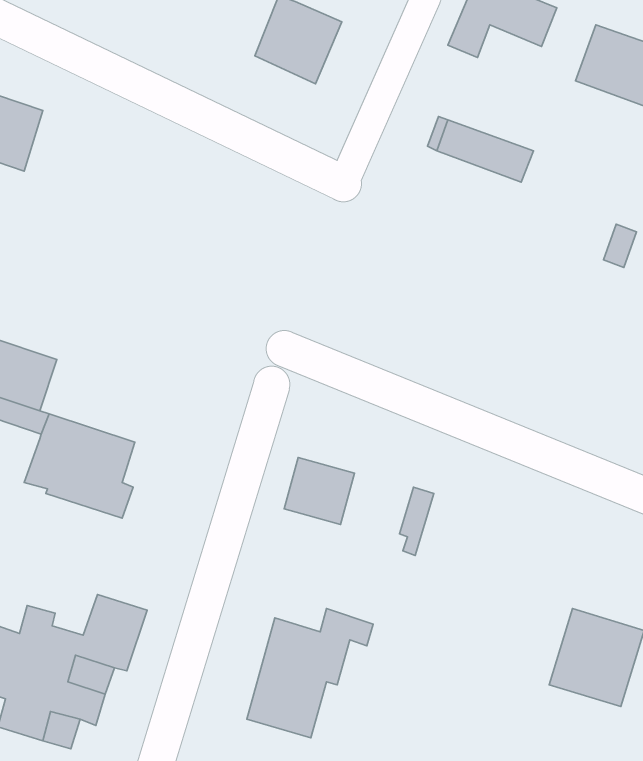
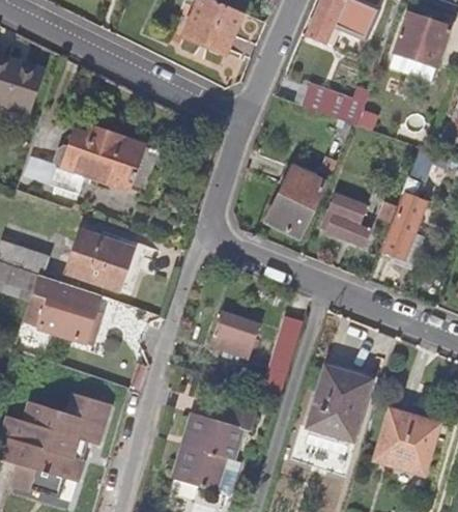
building: none -> [46,125,140,192]
building: none -> [269,154,340,238]
building: none -> [322,187,371,245]
building: none -> [385,195,431,267]
building: none -> [74,231,138,290]
building: none -> [309,366,371,438]

